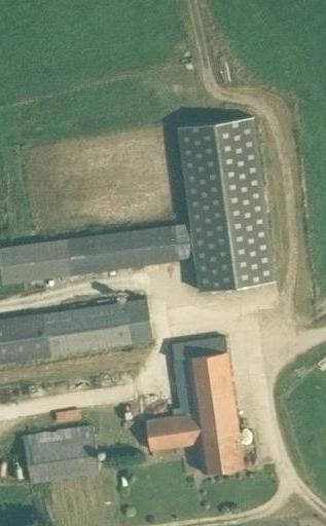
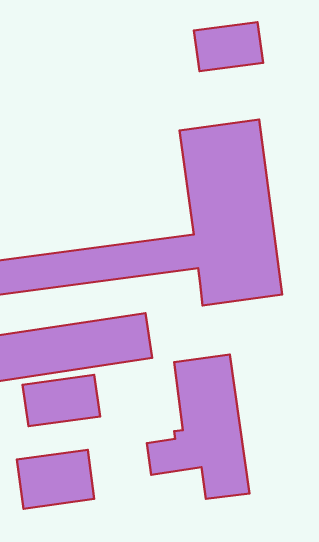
building: none -> [194,22,263,71]
building: none -> [22,375,100,426]

